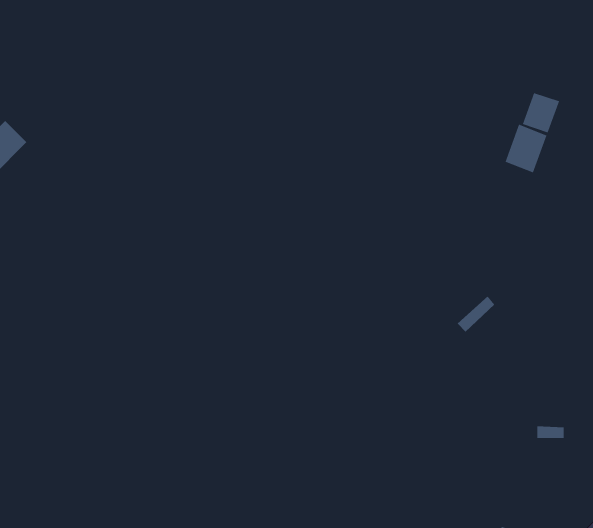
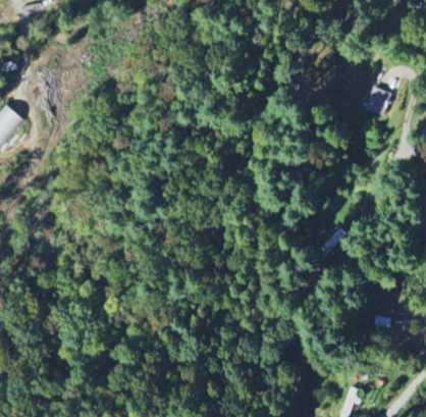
building: [505,124,548,174] -> none

